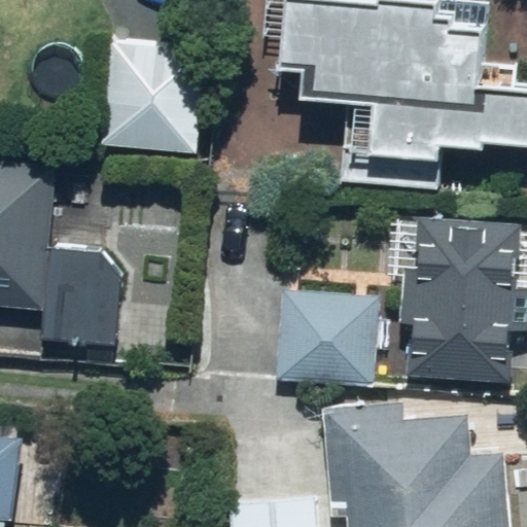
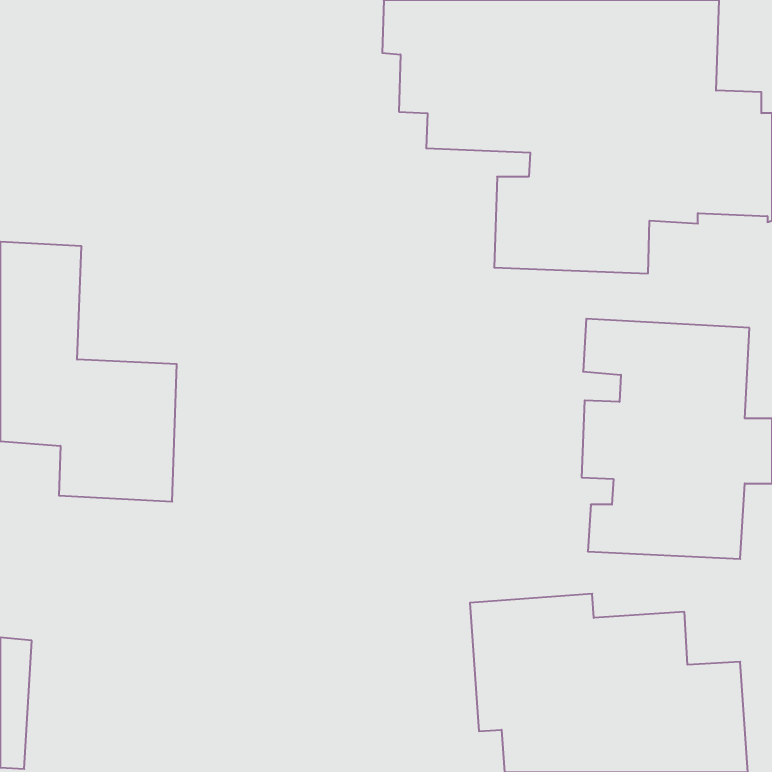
building: [117,42,201,152] -> none
building: [274,288,376,380] -> none

